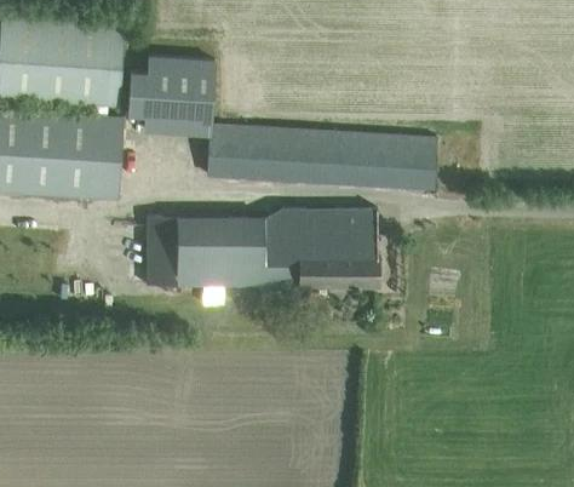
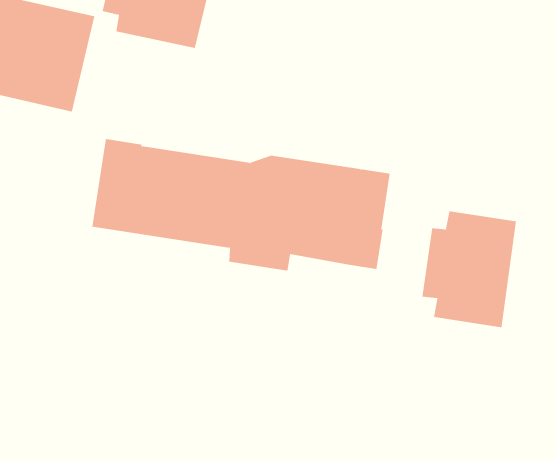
building: [206,126,437,188] -> none
building: none -> [422,210,517,328]

